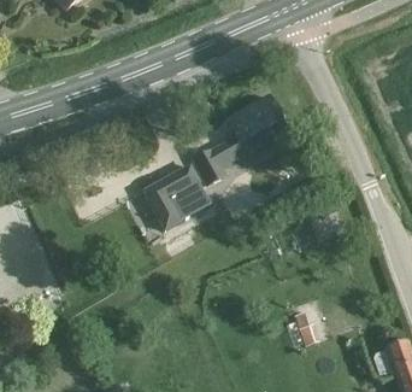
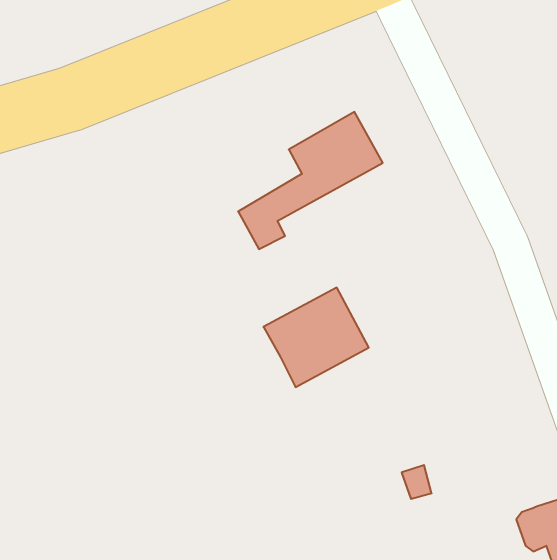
building: [142,164,210,228] -> [263,288,369,387]

